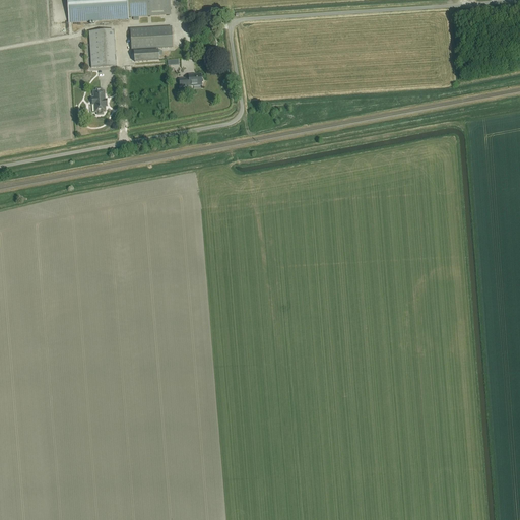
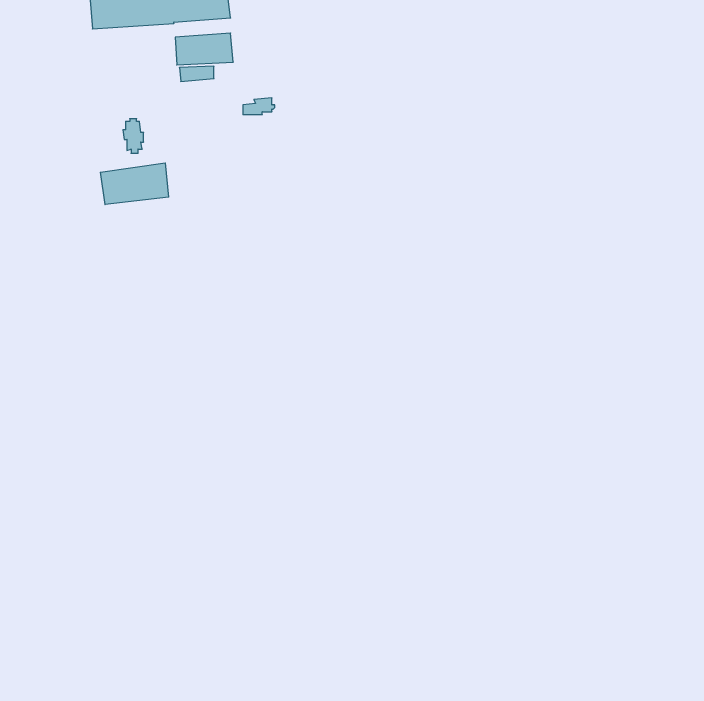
building: [88,28,115,66] -> none
building: none -> [100,163,169,205]

